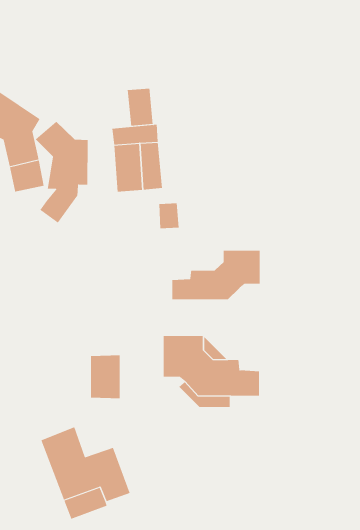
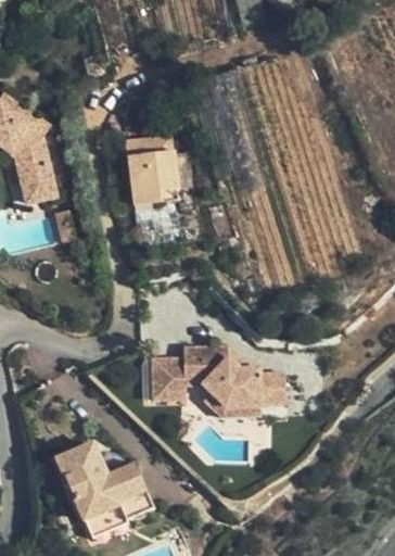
building: [127,88,153,126] -> none
building: [35,121,88,224] -> none
building: [172,250,260,300] -> none
building: [90,355,120,399] -> [148,357,179,403]

